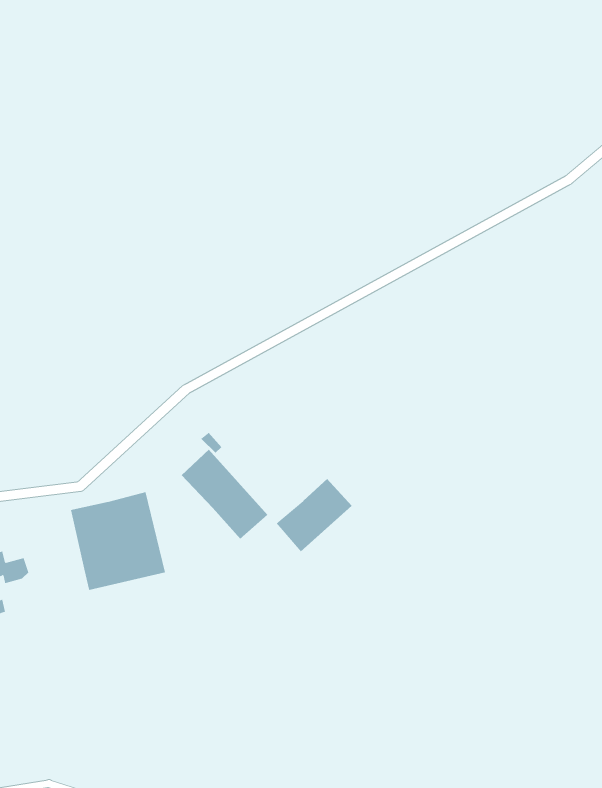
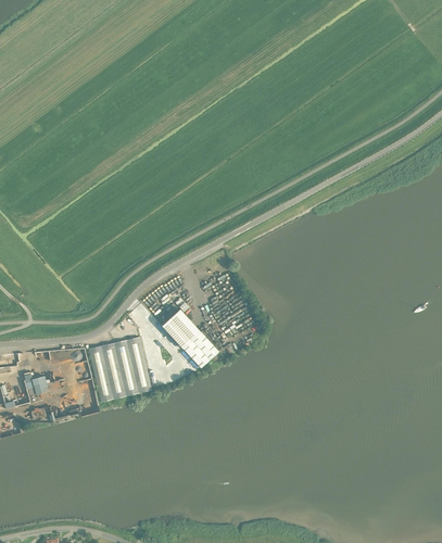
building: [276,478,352,552] -> none

